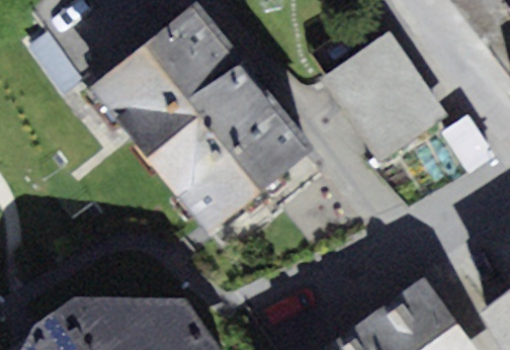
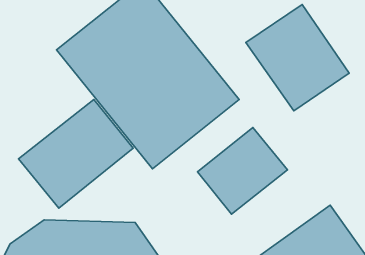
building: none -> [18,99,133,208]
building: none -> [197,127,288,214]

